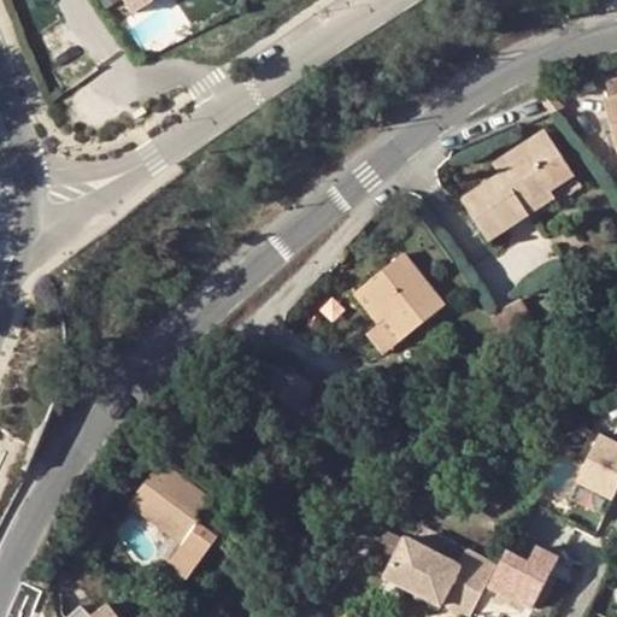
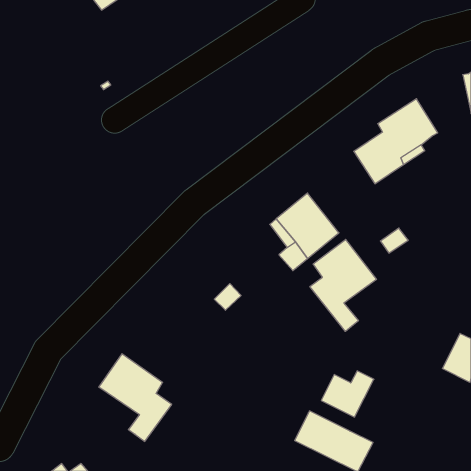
building: none -> [310,239,376,331]
building: [487,546,556,606] -> [321,371,374,417]

